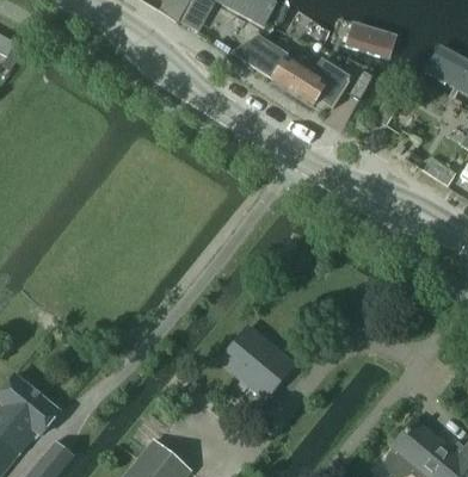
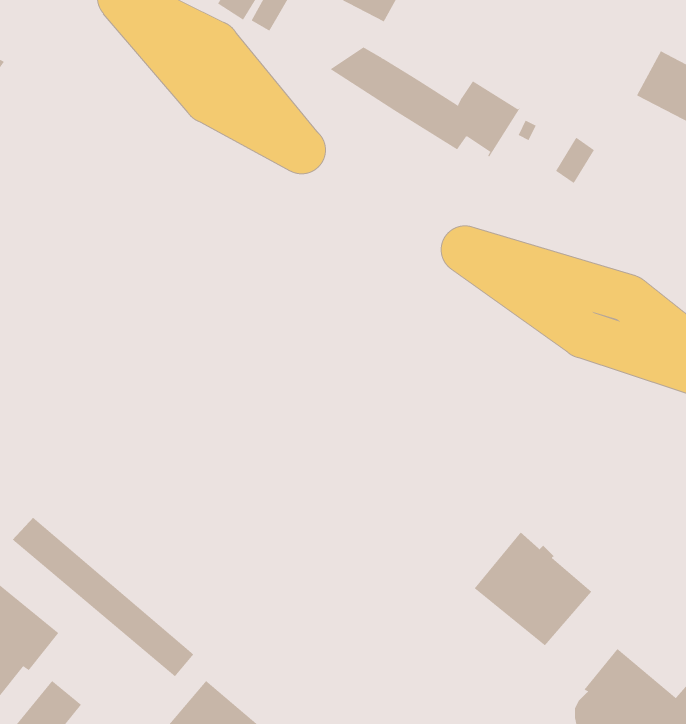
building: [347,17,402,55] -> none
building: [218,327,294,399] -> [474,532,592,646]
building: none -> [12,517,194,677]

